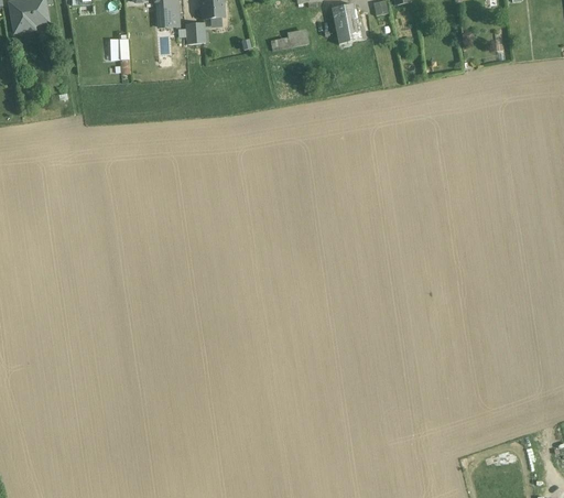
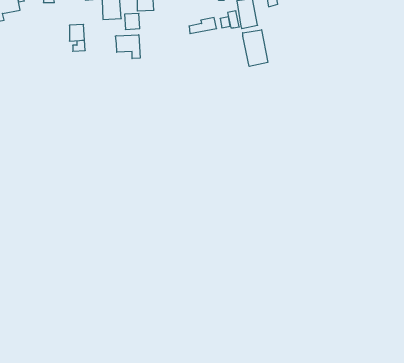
building: none -> [243,30,268,66]
building: none -> [116,35,140,59]

